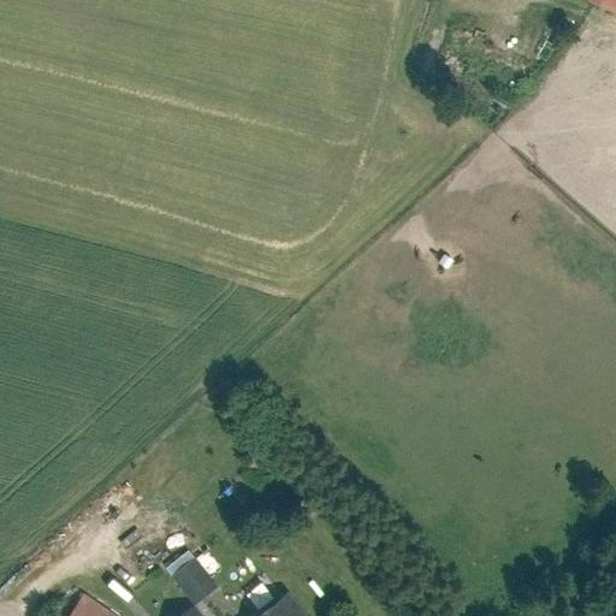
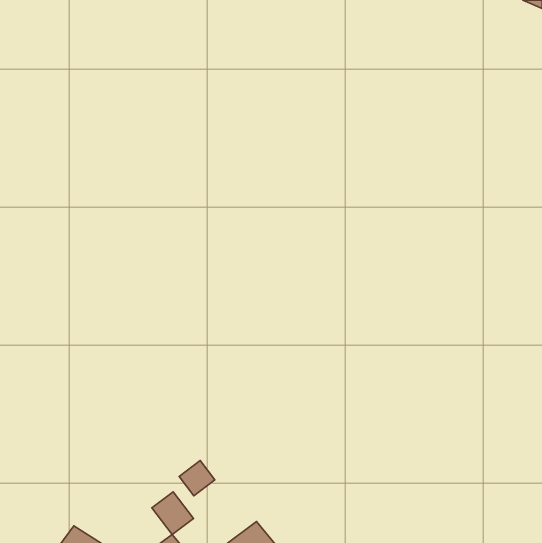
building: none -> [179,461,215,496]

